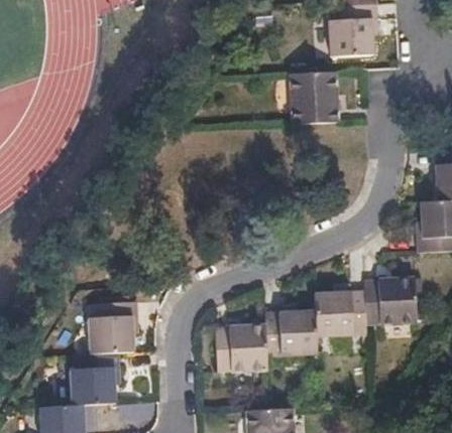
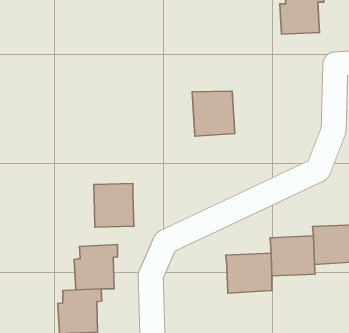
building: [290,71,339,124] -> [192,91,235,136]
building: none -> [94,183,134,227]
building: [215,325,267,371] -> none

